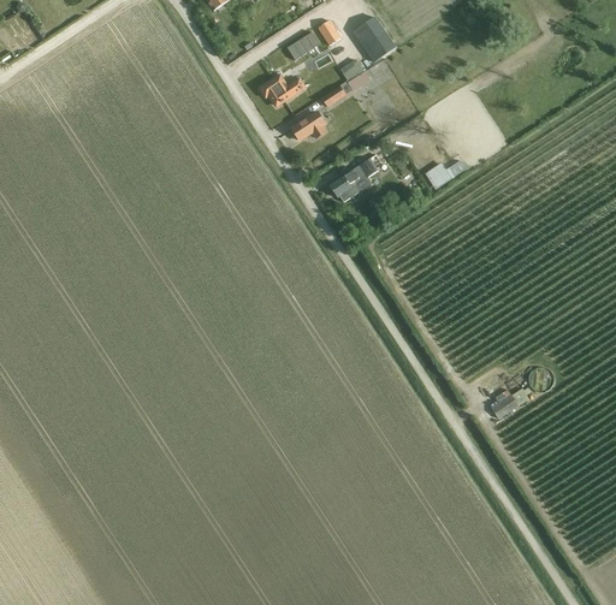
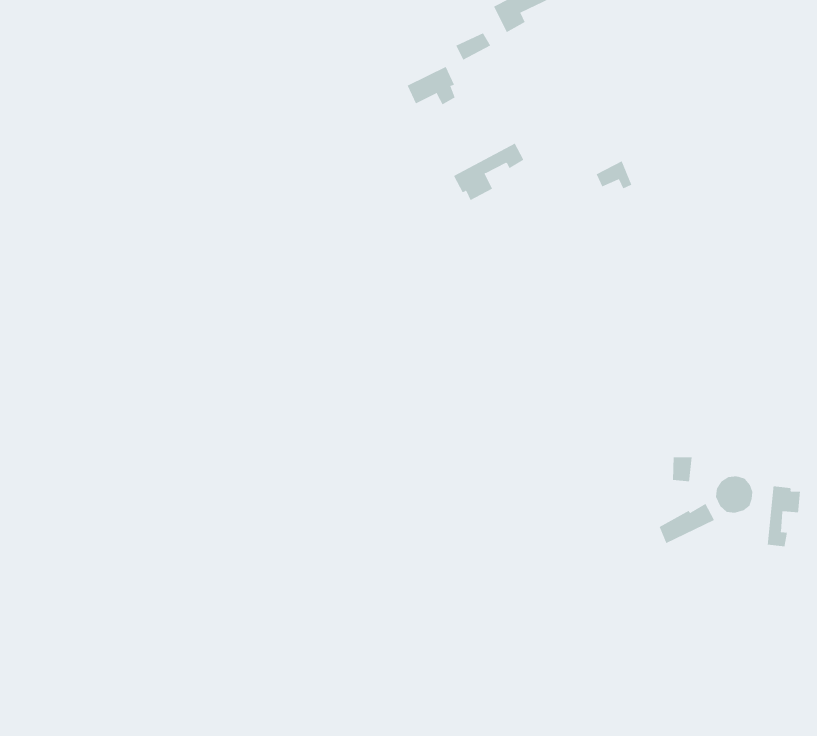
building: [260,75,303,103] -> none
building: none -> [767,486,801,547]

